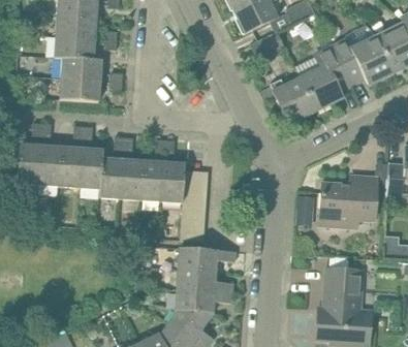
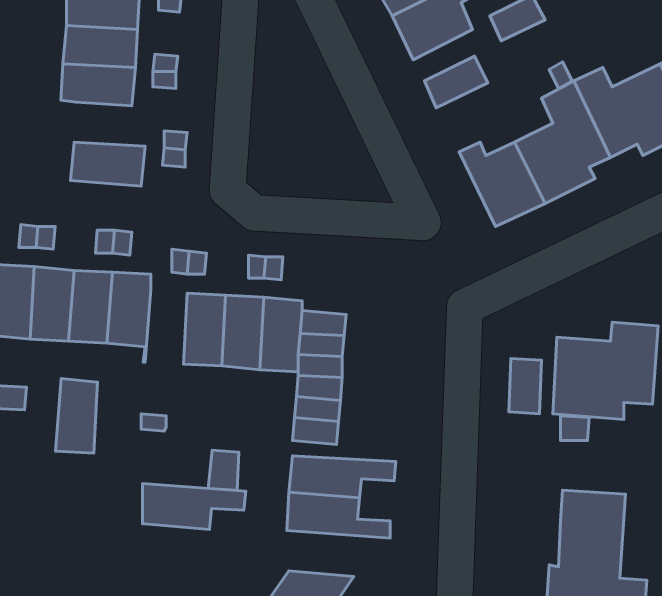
building: [62,56,101,80] -> none
building: [100,157,123,197] -> [56,378,98,453]
building: [177,287,232,312] -> [142,484,246,529]

